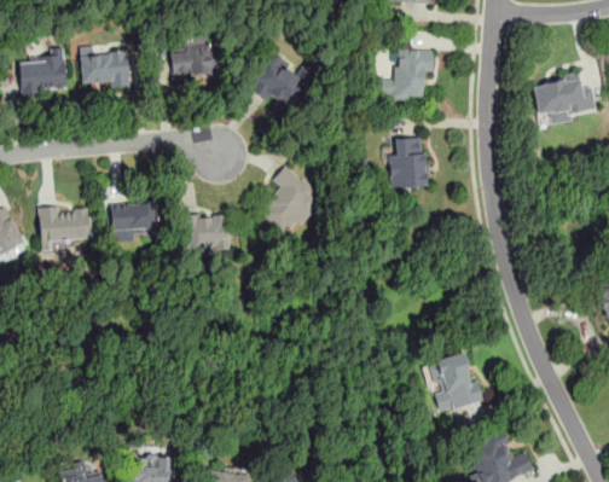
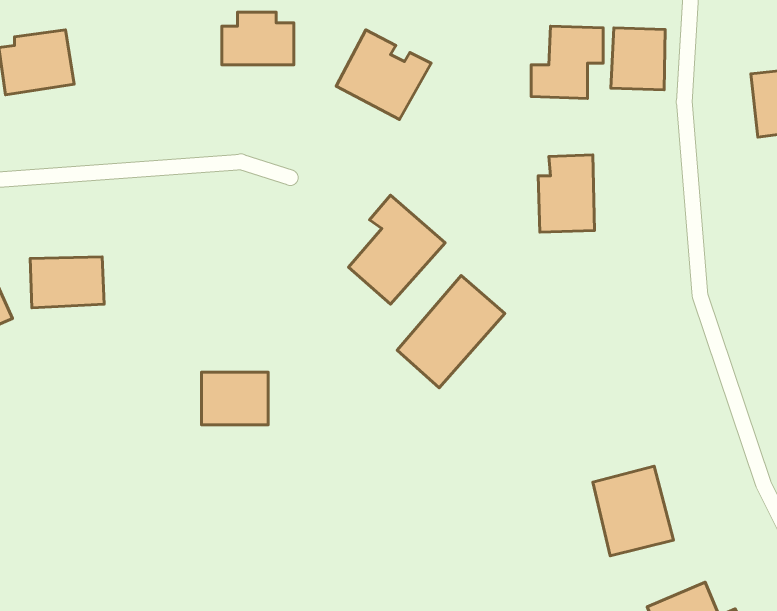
building: none -> [611,28,665,90]
building: [80,51,129,87] -> none
building: [110,201,158,242] -> none
building: [184,213,230,249] -> [201,372,268,425]
building: none -> [397,276,505,388]

